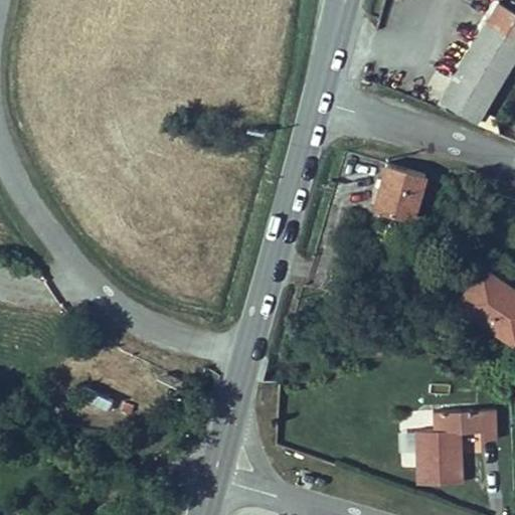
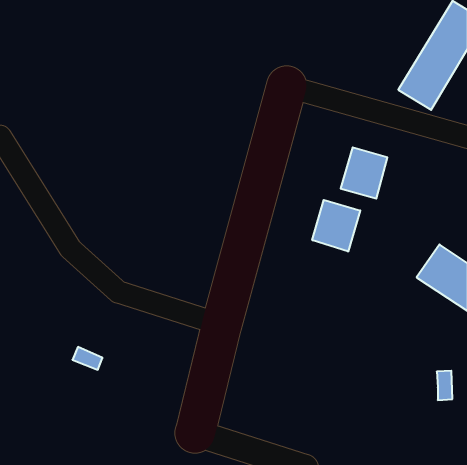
building: none -> [312,200,360,252]
building: [416,411,475,486] -> none

